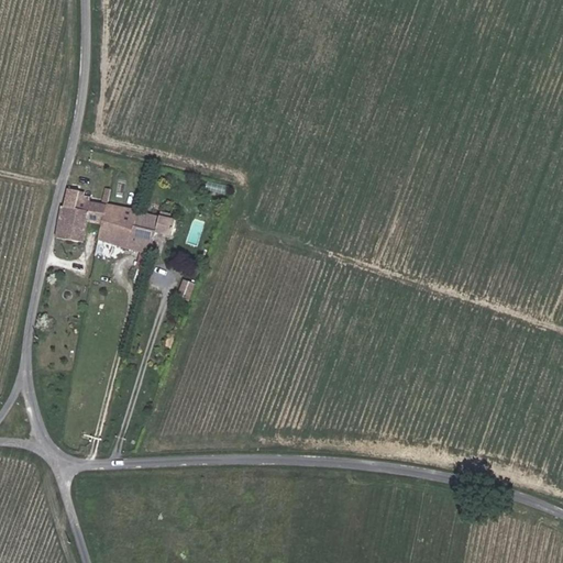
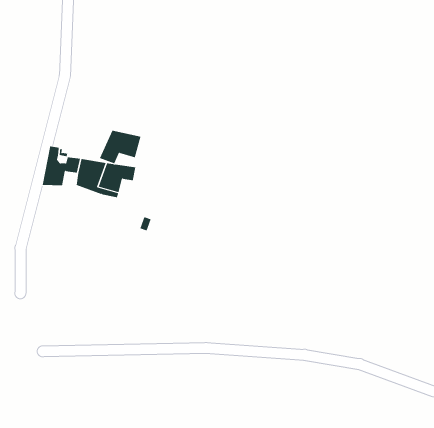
building: none -> [99,130,141,164]

